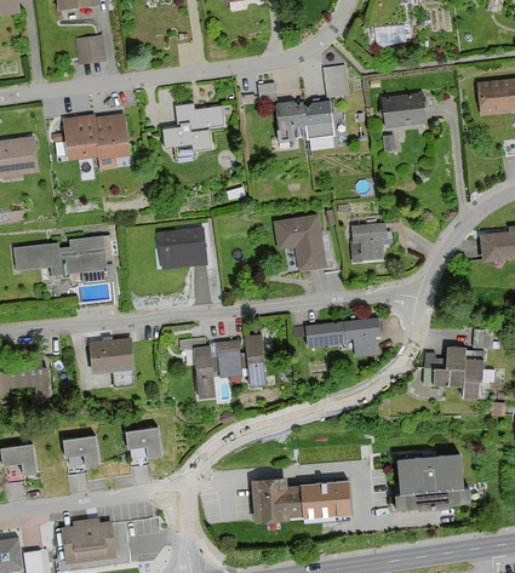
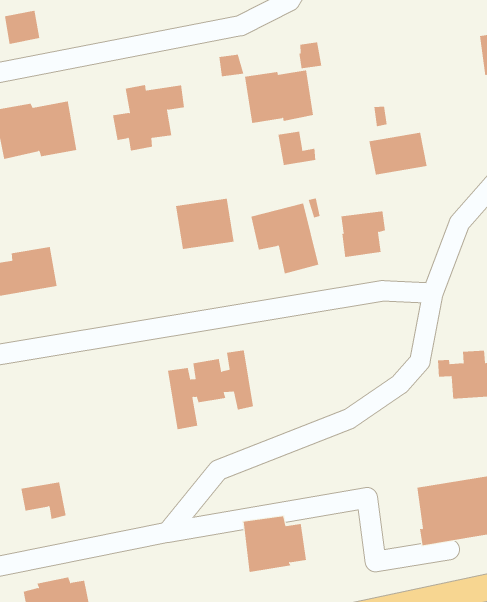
building: [379,93,428,127] -> [369,132,427,175]
building: none -> [278,131,316,166]
building: [159,228,207,269] -> [175,198,235,250]
building: [292,319,380,356] -> none
building: [90,338,136,385] -> none
building: [127,426,165,458] -> none
building: [301,481,349,516] -> none

